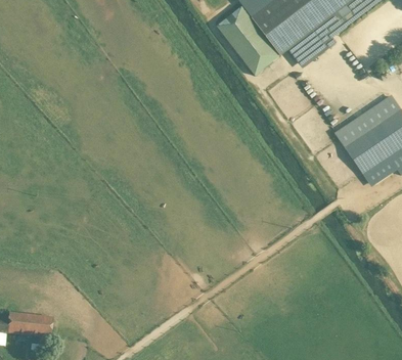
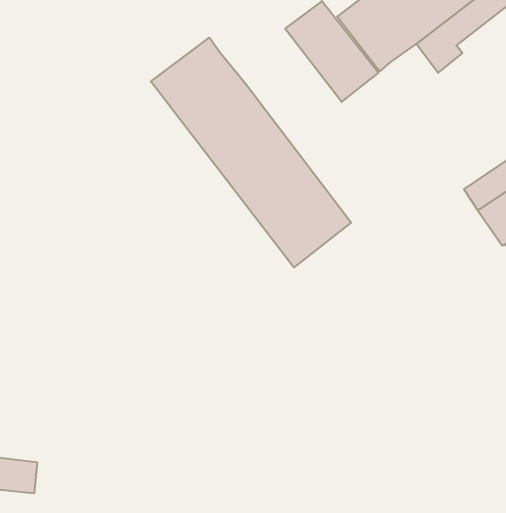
building: none -> [151,38,351,267]
building: [287,34,319,65] -> none

